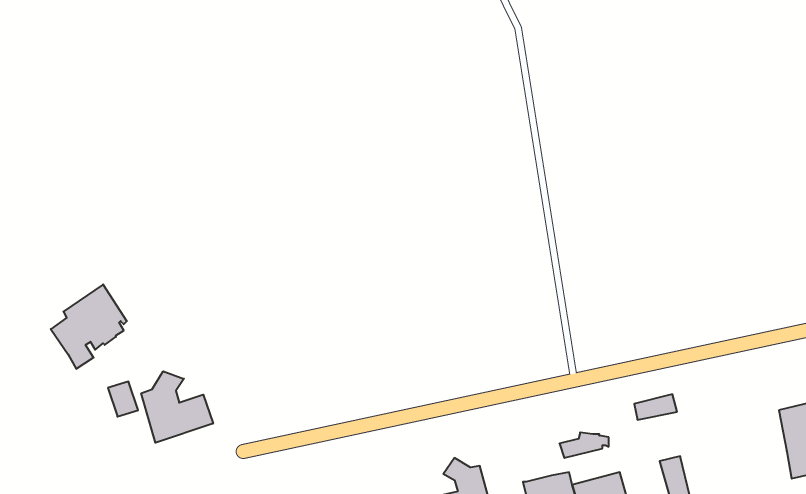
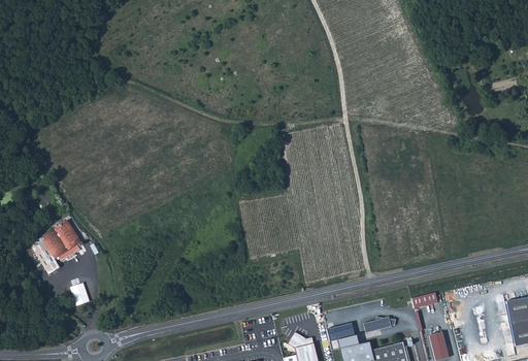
building: [141,371,213,443] -> none
building: none -> [326,323,358,349]

